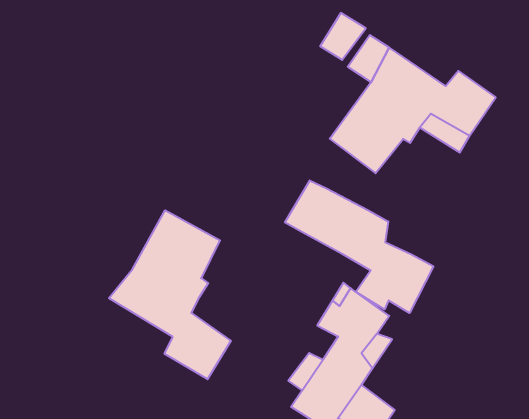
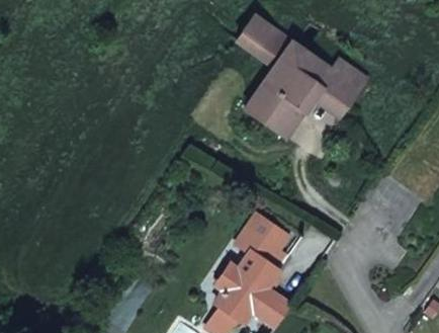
building: [285,180,433,313] -> none
building: [109,210,231,379] -> none

